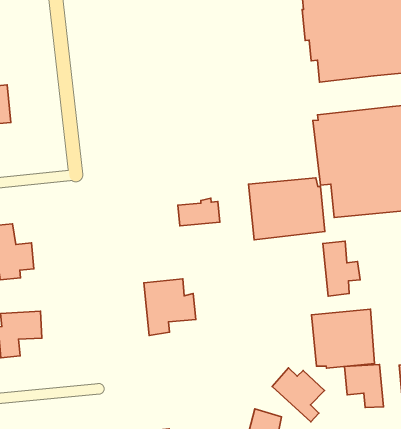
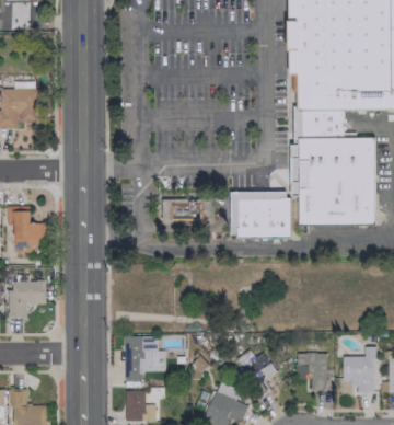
building: none -> [294,111,358,139]
building: [323,241,360,296] -> none
building: [144,279,196,336] -> [125,336,165,381]
building: [312,309,374,368] -> none

